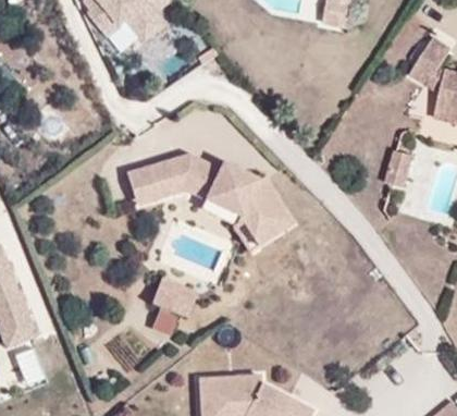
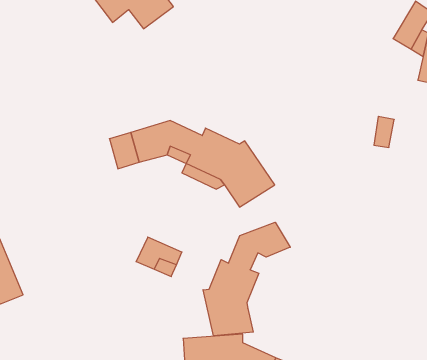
building: none -> [203,222,290,336]

